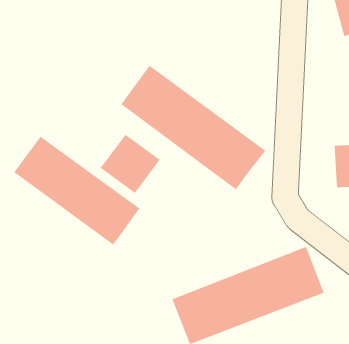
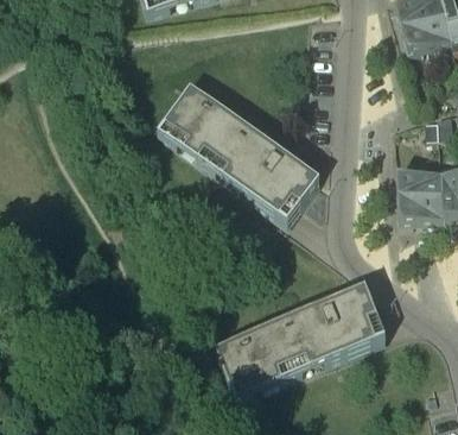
building: [100,134,160,194] -> none
building: [14,136,140,246] -> none

